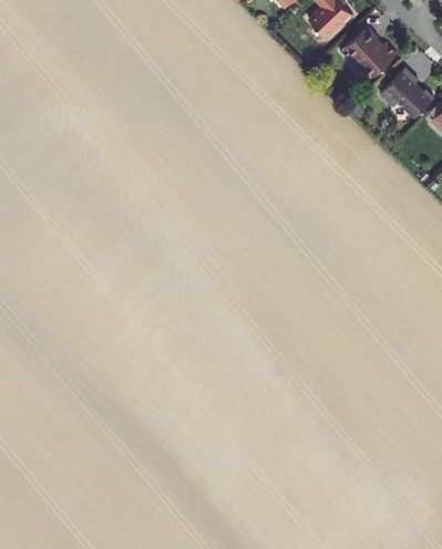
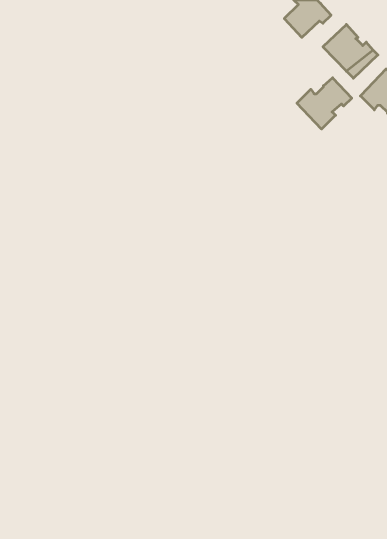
building: none -> [297,78,352,129]

